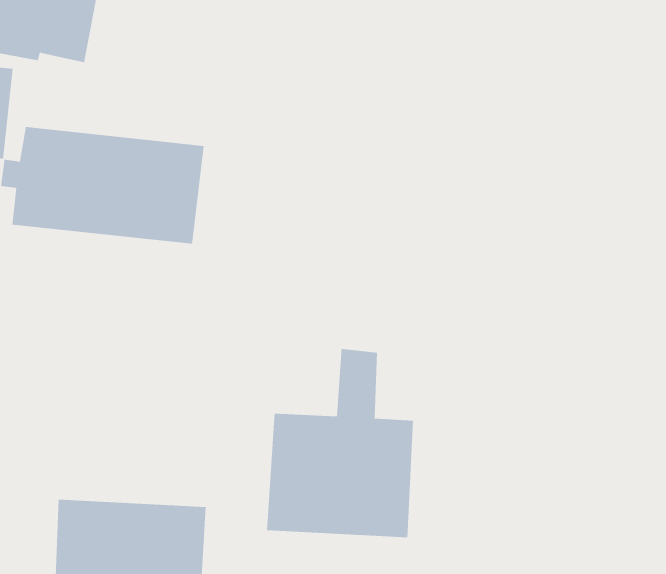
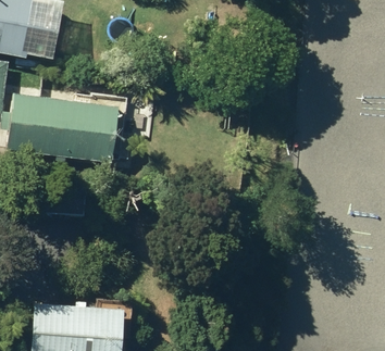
building: [266,348,414,538] -> none

